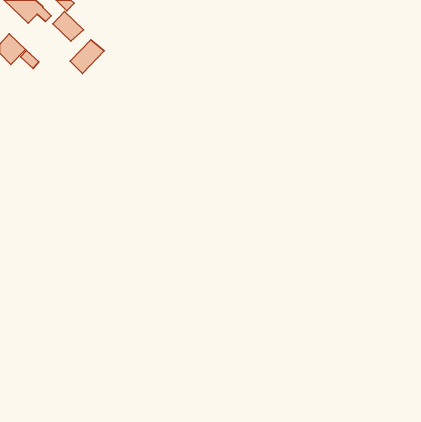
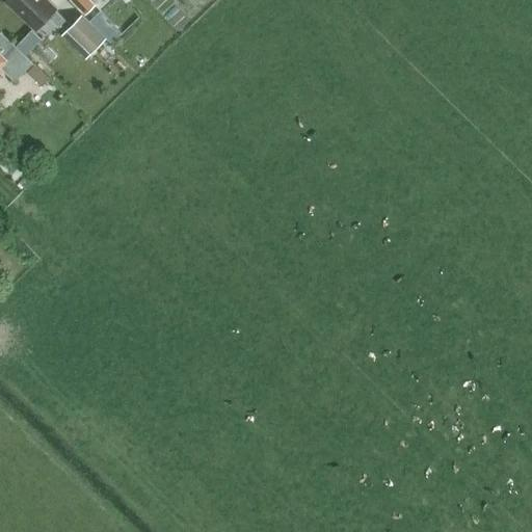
building: [70,40,104,73] -> none

